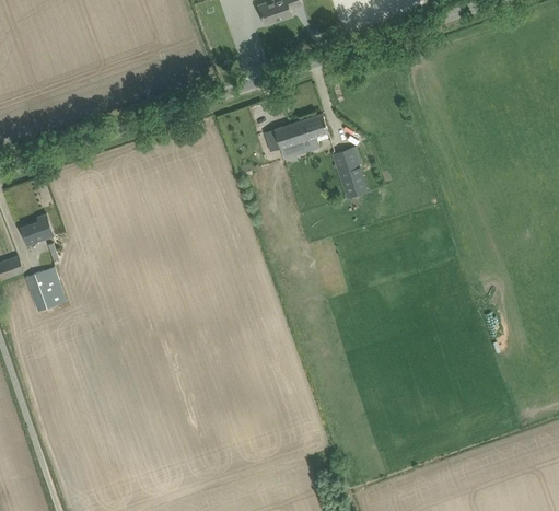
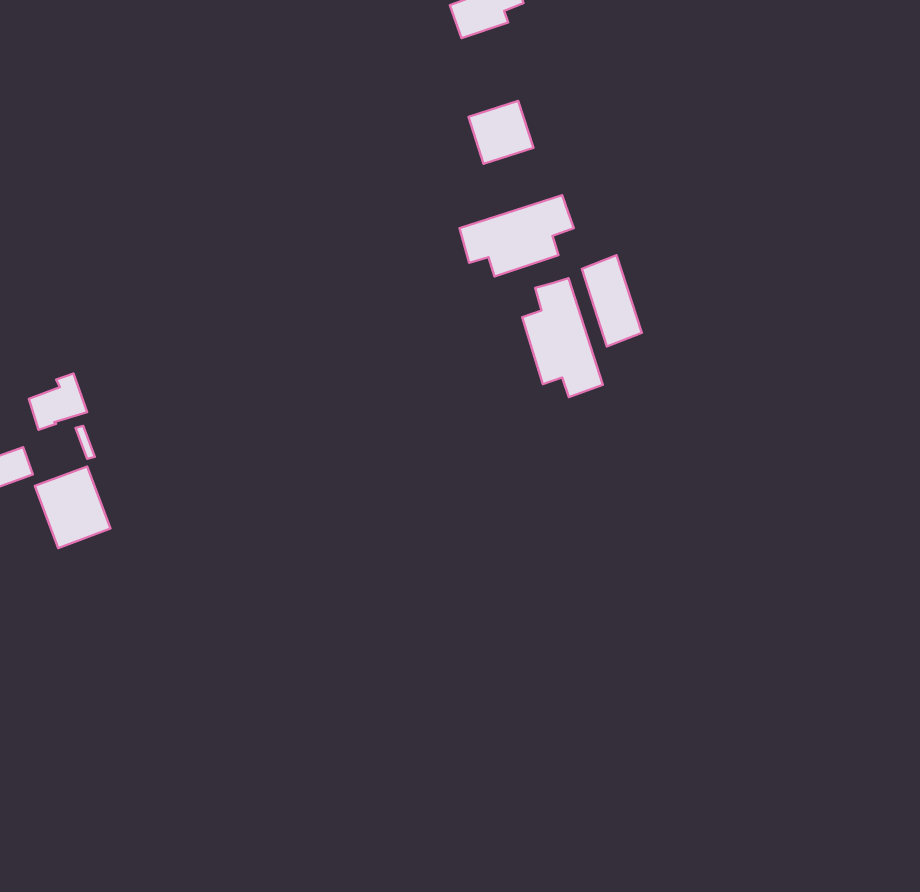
building: none -> [468,101,533,164]
building: none -> [522,278,603,397]

